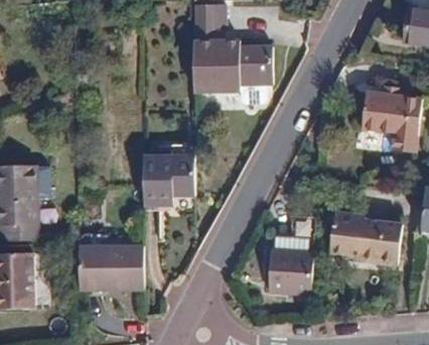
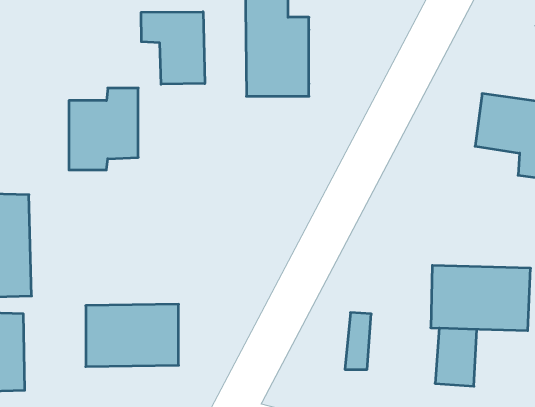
building: none -> [141,12,205,84]
building: [240,45,273,85] -> none
building: [144,145,194,205] -> [69,88,138,170]
building: [282,252,312,295] -> [435,328,477,386]

